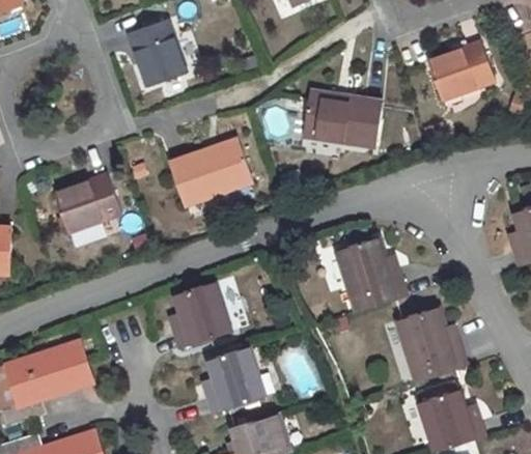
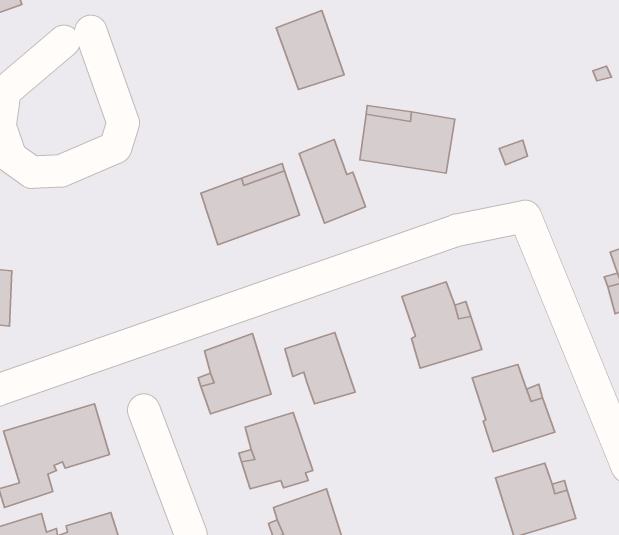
building: [129,19,186,85] -> [276,11,344,90]
building: [427,42,496,100] -> none
building: none -> [299,140,365,223]
building: [54,175,122,233] -> none
building: none -> [285,332,355,404]

